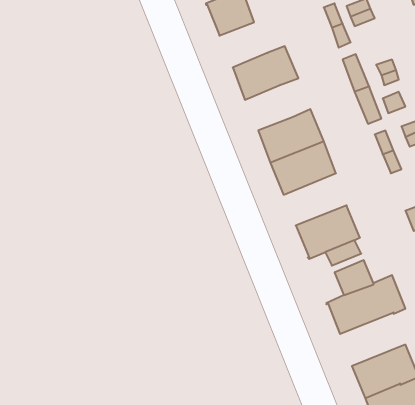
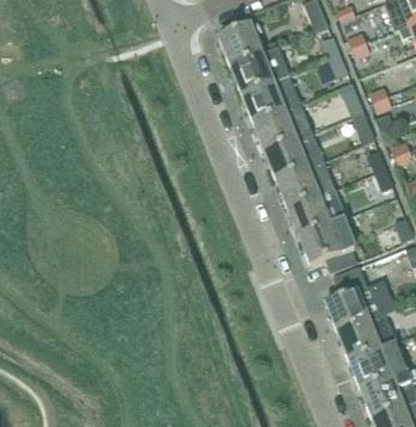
building: none -> [231,48,290,95]
building: none -> [254,105,312,151]
building: none -> [288,190,347,236]
building: none -> [339,314,397,361]

